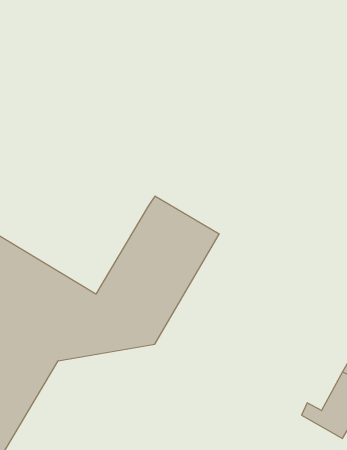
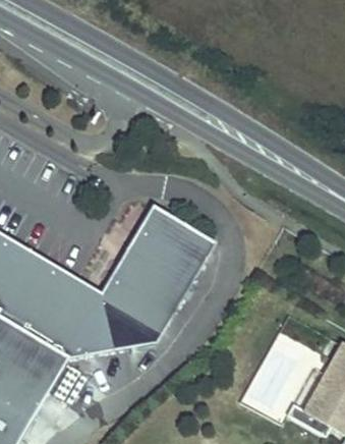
building: none -> [244,334,318,412]

